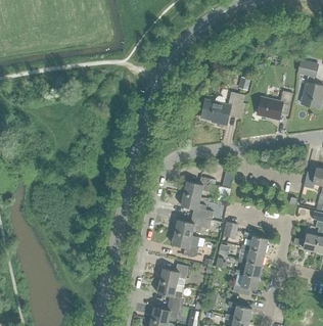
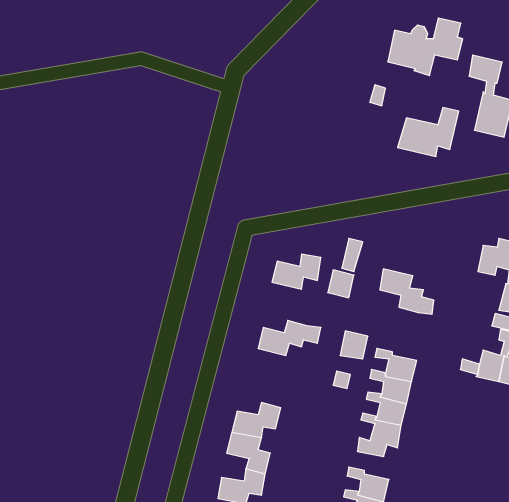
building: [201,91,245,125] -> [388,18,463,76]
building: [181,192,213,219] -> [380,269,434,314]
building: [172,231,198,257] -> none

